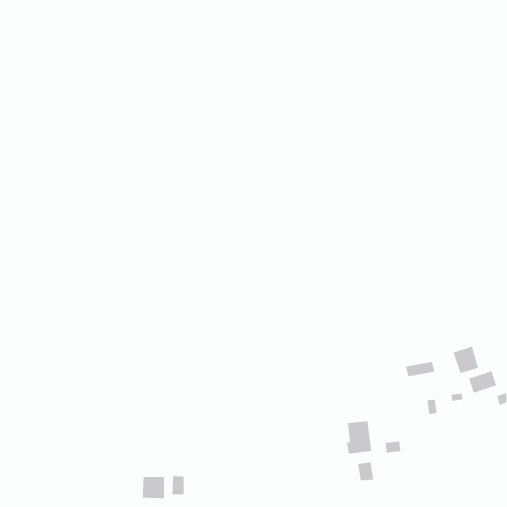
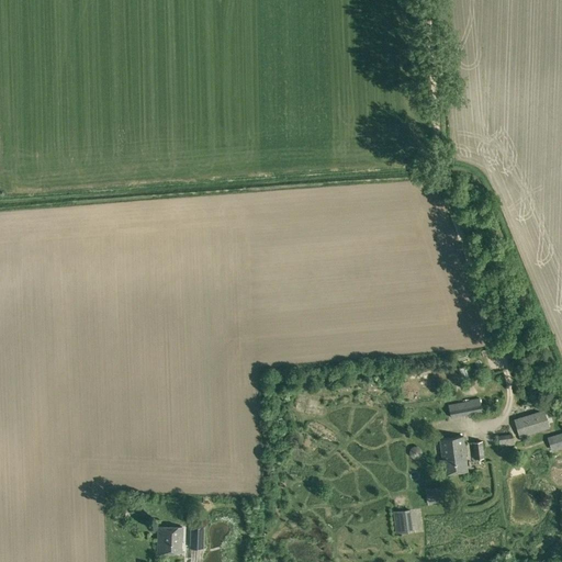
building: [453,345,479,374] -> none
building: [346,421,372,454] -> [439,437,468,474]

